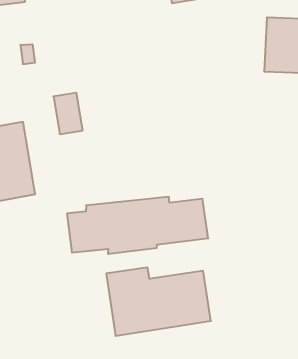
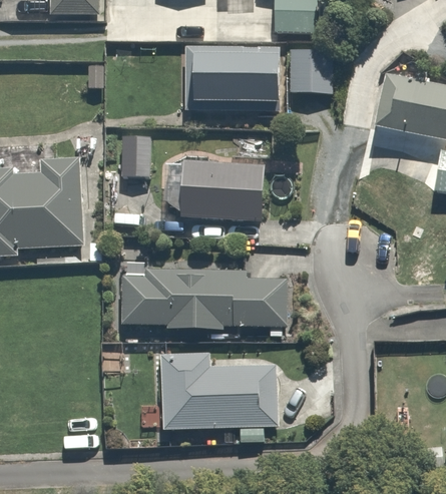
building: none -> [288,48,329,91]
building: none -> [183,44,279,110]
building: none -> [166,164,265,226]

